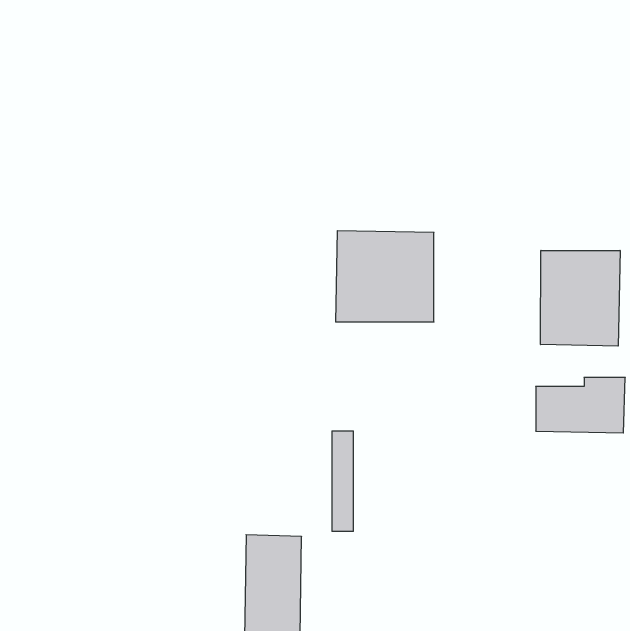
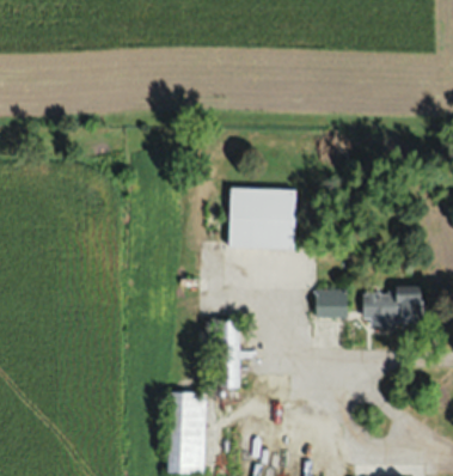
building: [541,250,620,346] -> none
building: none -> [314,289,347,319]

